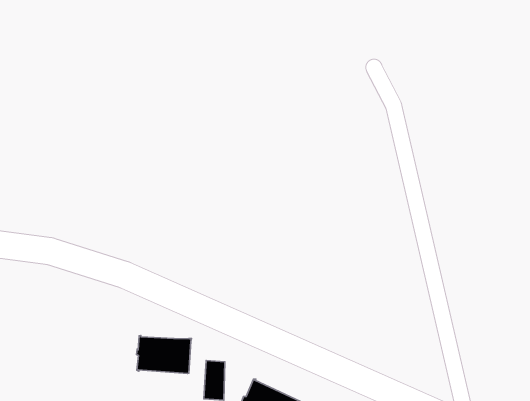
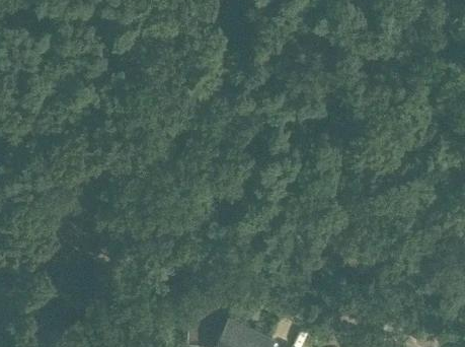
building: [137,335,191,373] -> none

